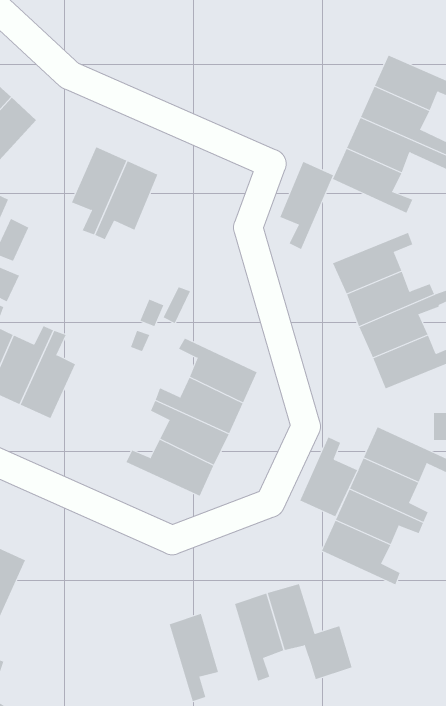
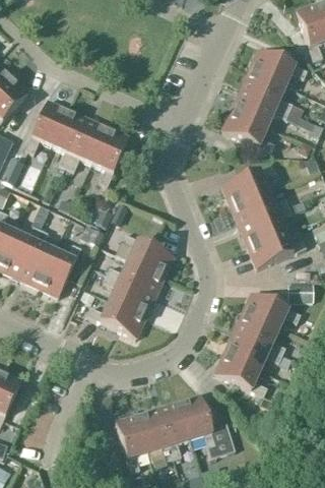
building: none -> [24,100,67,152]
building: [280,161,334,250] -> [92,127,128,185]
building: none -> [38,244,80,296]
building: [299,437,358,517] -> none
building: none -> [136,408,173,461]

